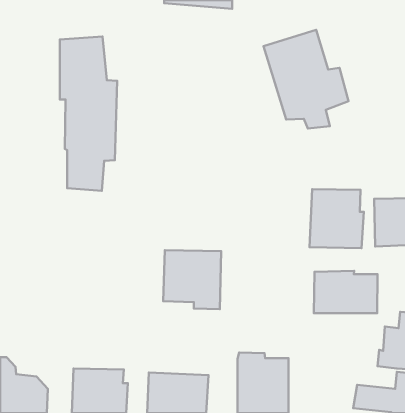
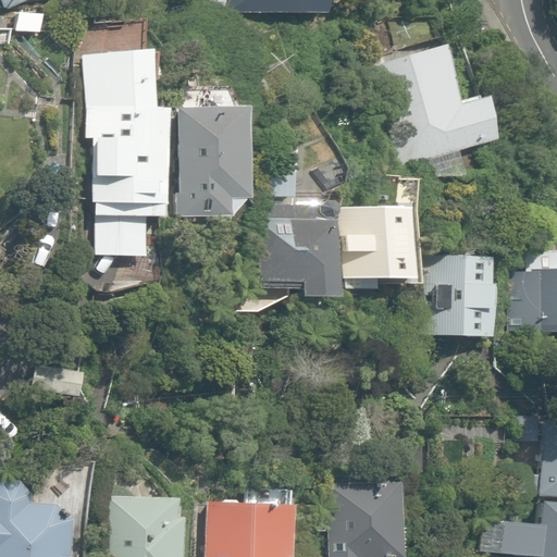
building: none -> [187,106,251,218]
building: none -> [344,207,412,277]
building: [163,250,221,309] -> [260,218,338,297]
building: [314,271,378,313] -> none

